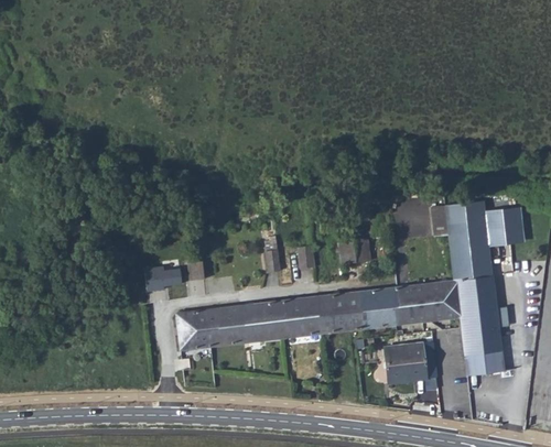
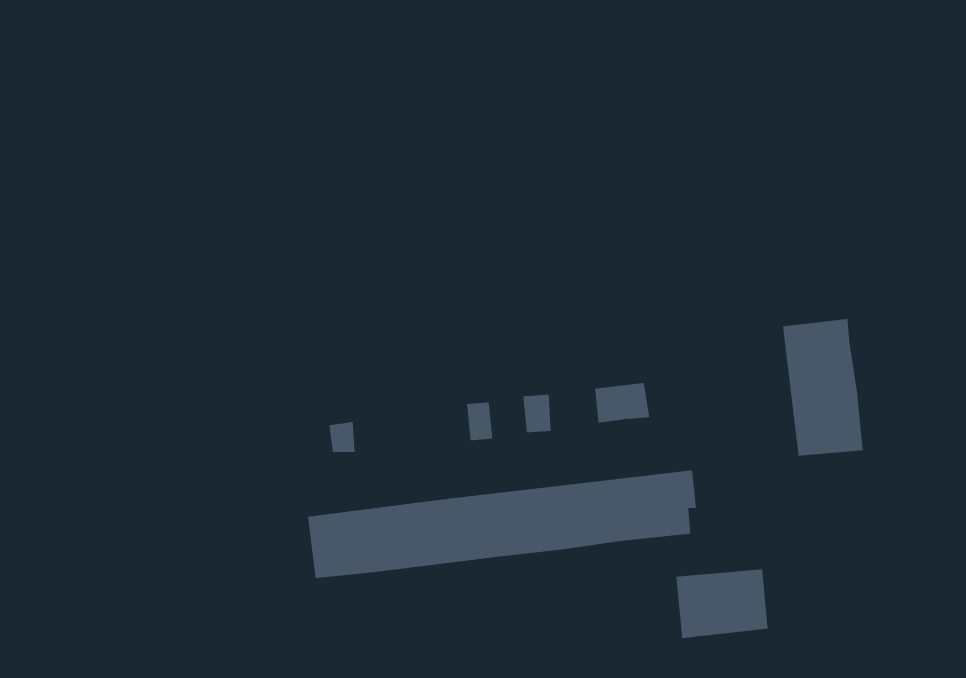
building: [484,211,521,243] -> none
building: [145,265,183,288] -> none
building: [392,276,501,375] -> none

